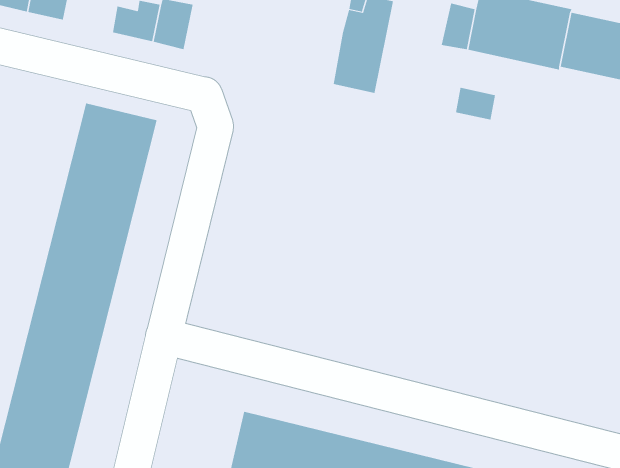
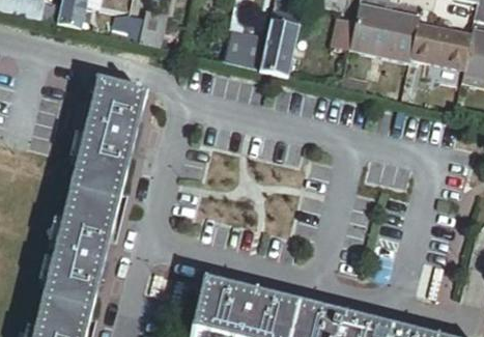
building: none -> [223,26,267,67]

